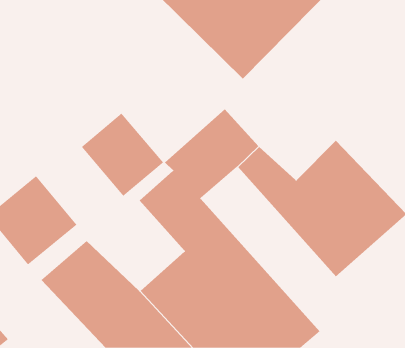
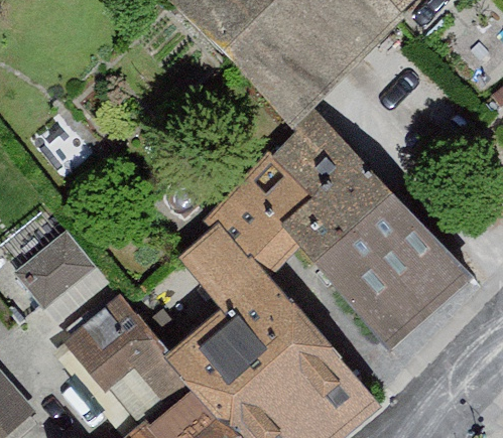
building: none -> [271,115,395,235]
building: [81,113,164,197] -> none

